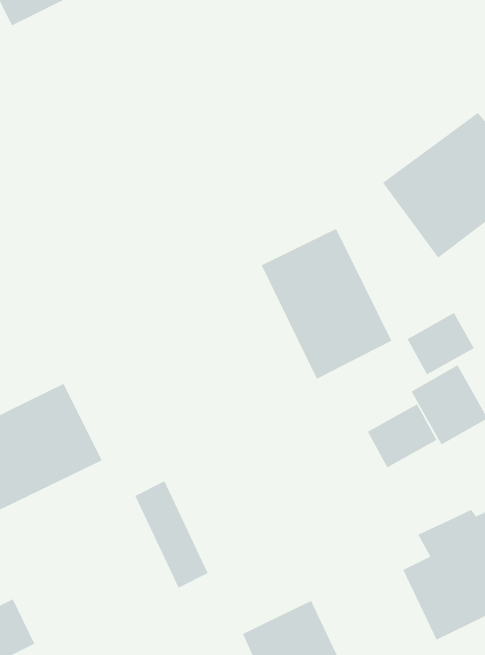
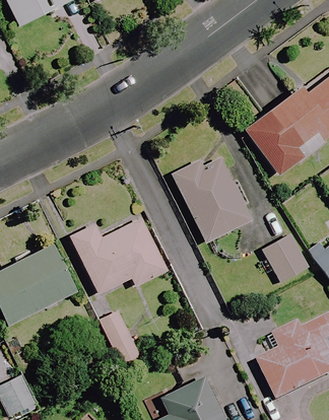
building: [407,312,474,375] -> none
building: none -> [69,214,167,294]
building: [367,404,437,468] -> none

